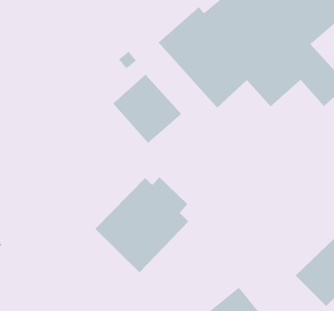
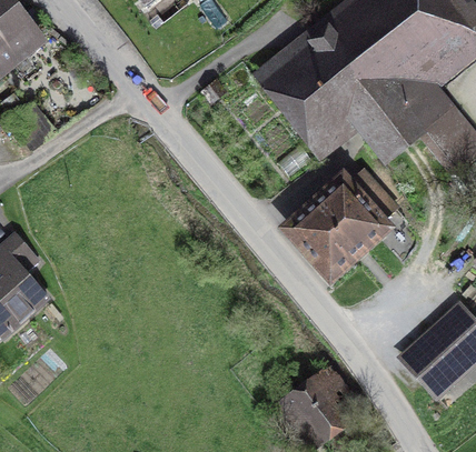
building: [112,74,182,144] -> none
building: [95,176,189,273] -> [282,173,397,289]

